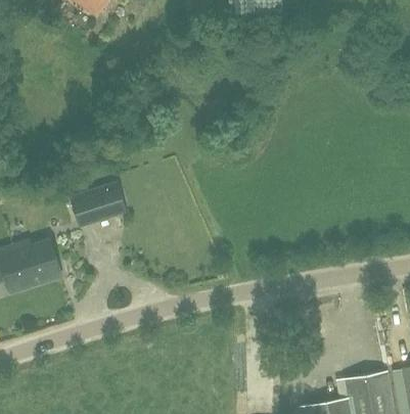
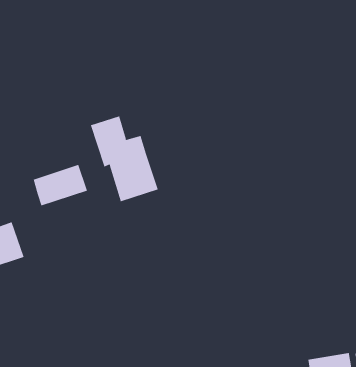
building: none -> [90,115,159,202]

